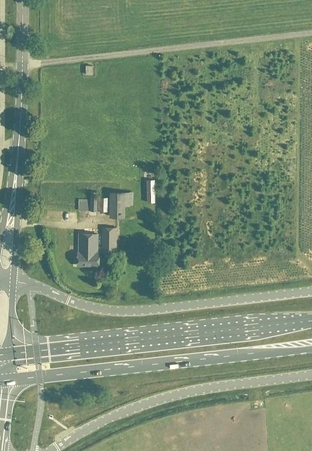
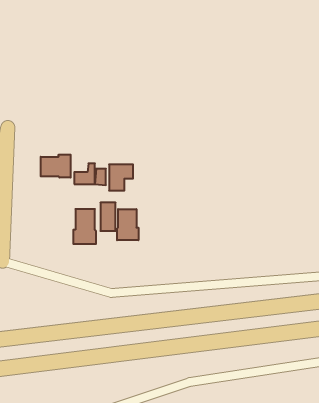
building: none -> [41,155,71,178]
building: none -> [117,209,138,240]

